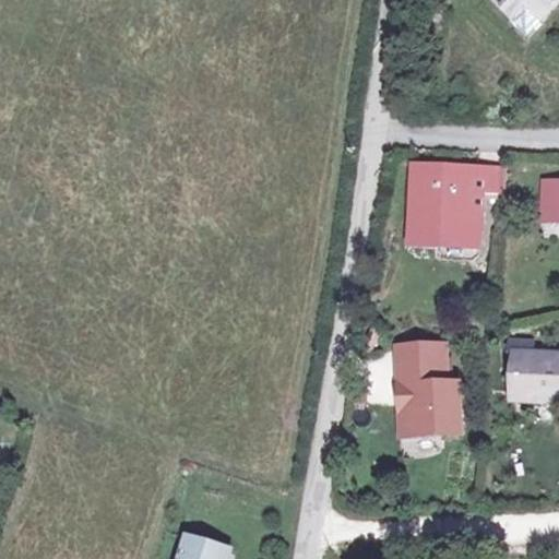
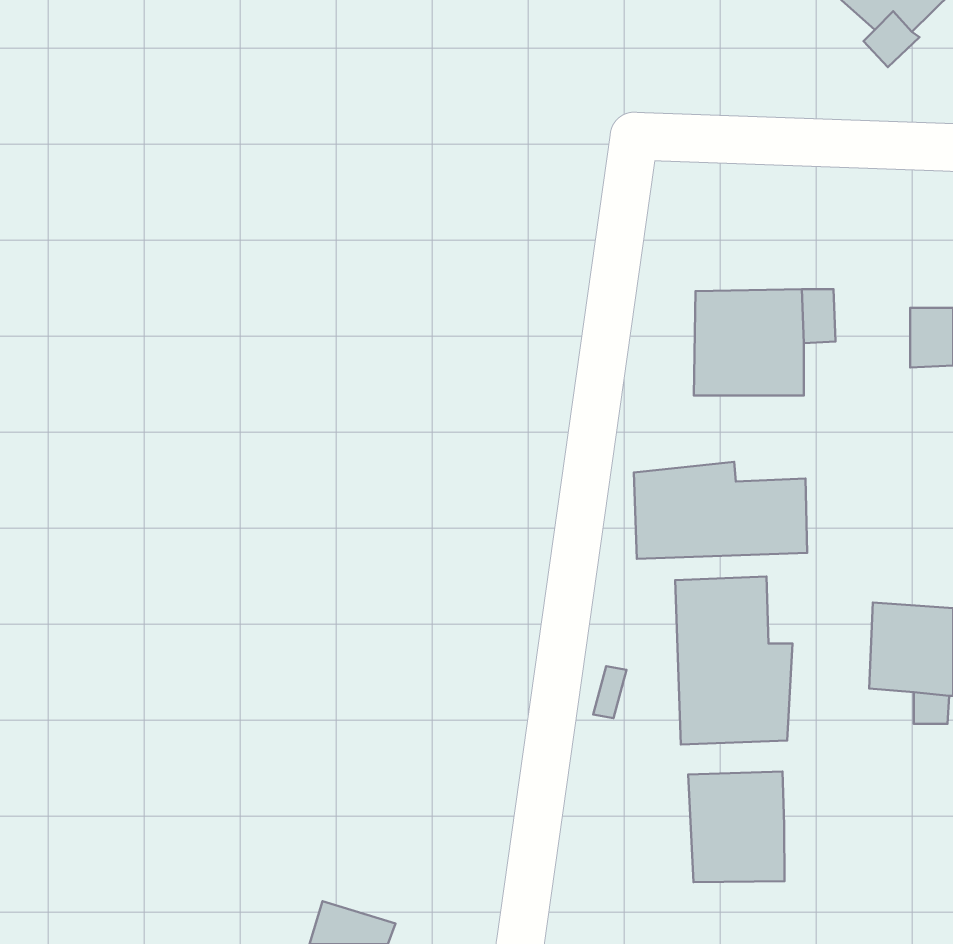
building: none -> [634,462,807,559]
building: none -> [688,771,785,882]

